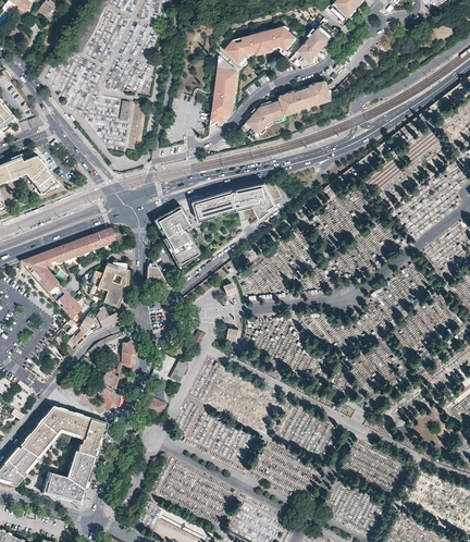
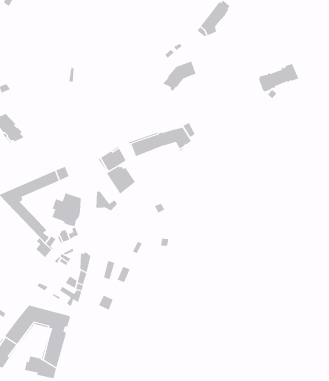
building: [223,26,296,64] -> none
building: [210,54,238,122] -> none
building: [280,79,333,115] -> [258,63,299,92]

